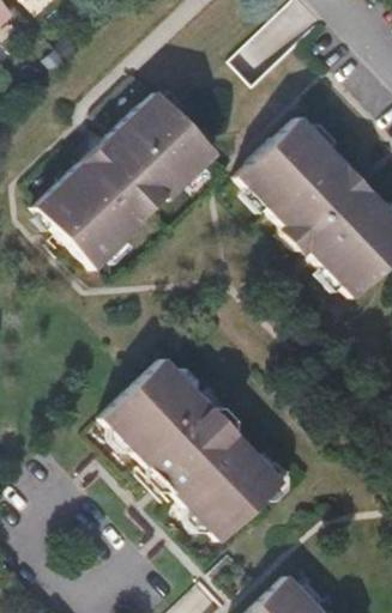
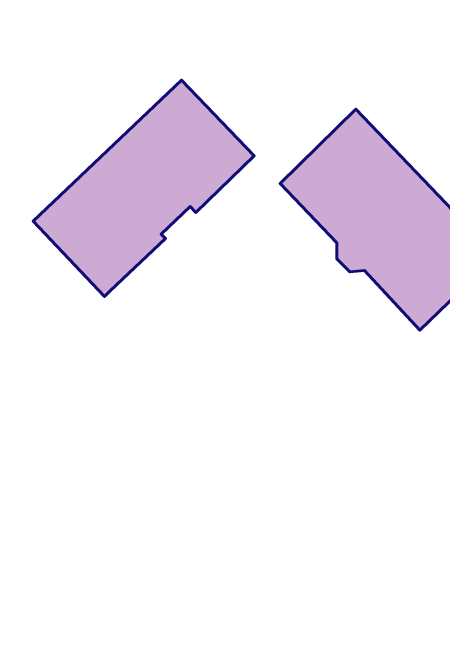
building: [103,357,284,540] -> none

